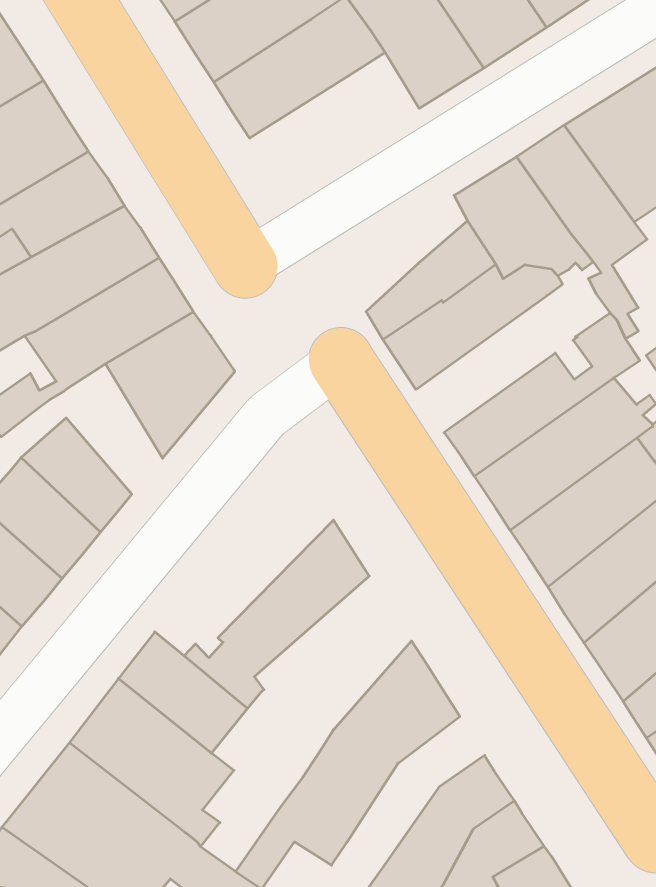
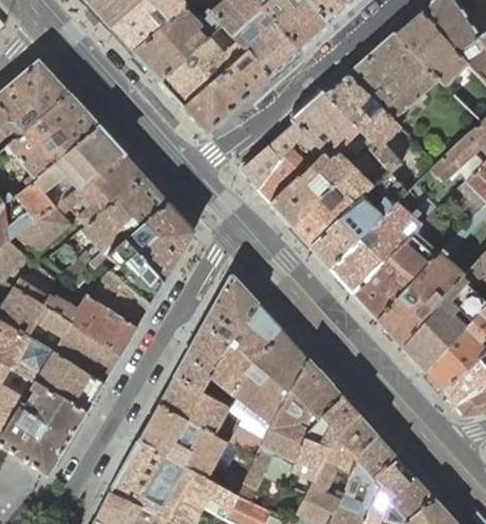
building: none -> [182,50,269,131]
building: none -> [241,120,304,188]
building: none -> [291,143,379,246]
building: none -> [106,237,163,304]
building: none -> [173,273,258,385]
building: none -> [228,328,309,456]
building: none -> [292,394,357,479]

